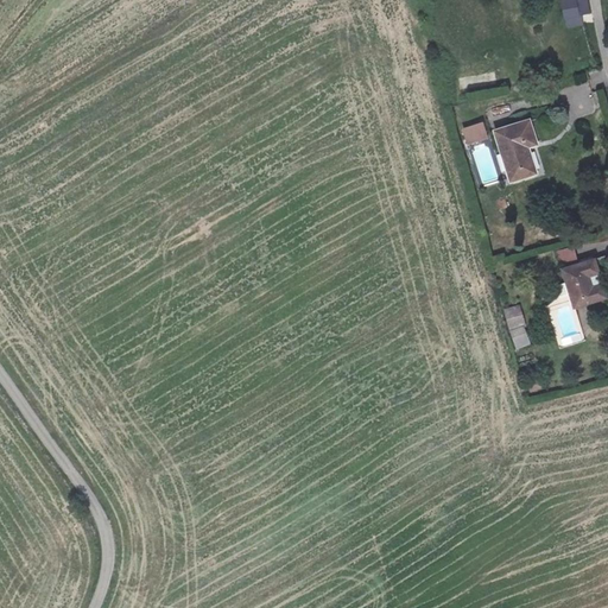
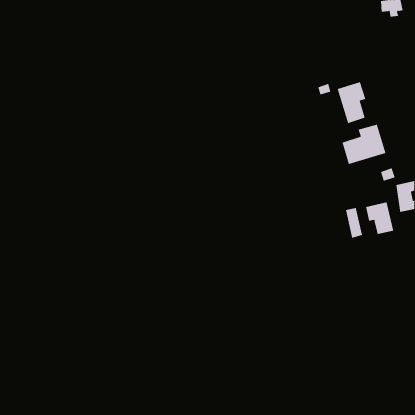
building: none -> [342,124,386,165]
building: none -> [366,202,394,235]

